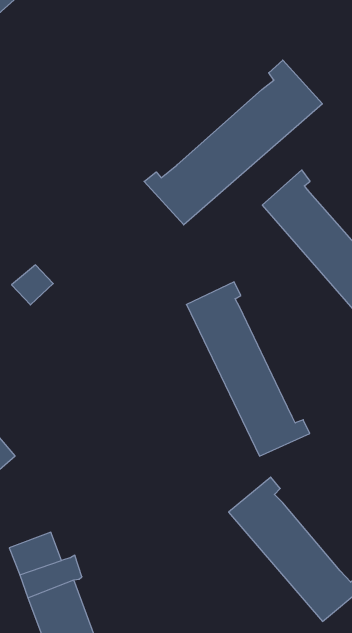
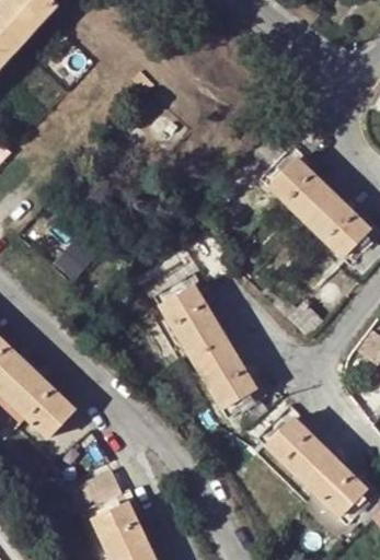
building: [144,60,322,225] -> none
building: [186,282,310,456] -> [154,273,268,418]

